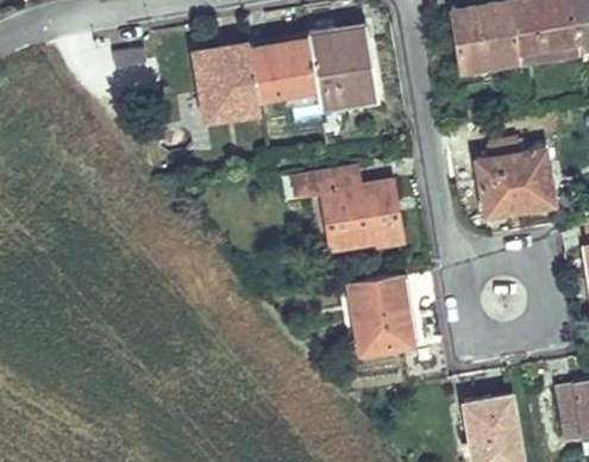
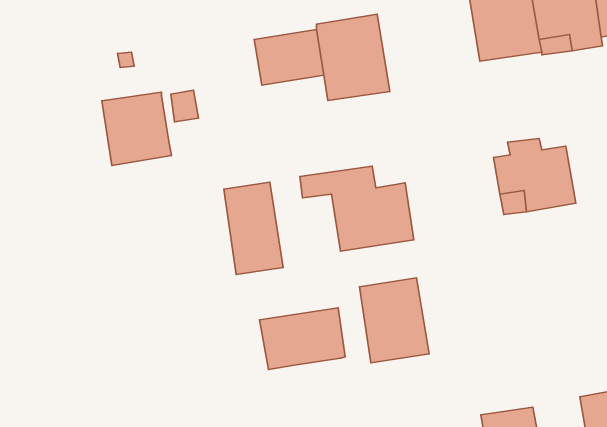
building: [194,46,259,116] -> [102,92,171,166]
building: none -> [224,182,283,275]
building: none -> [260,308,345,369]

